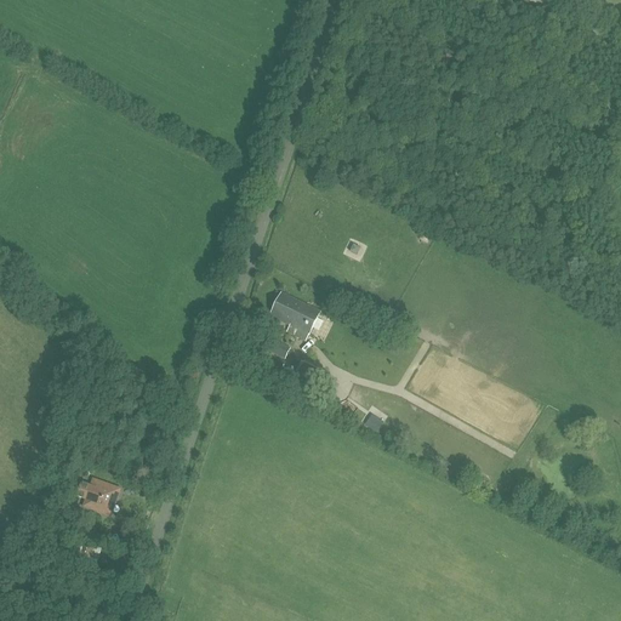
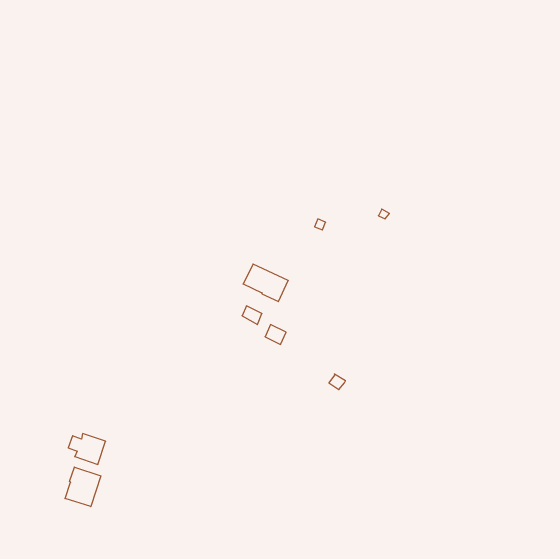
building: none -> [65,467,101,507]

